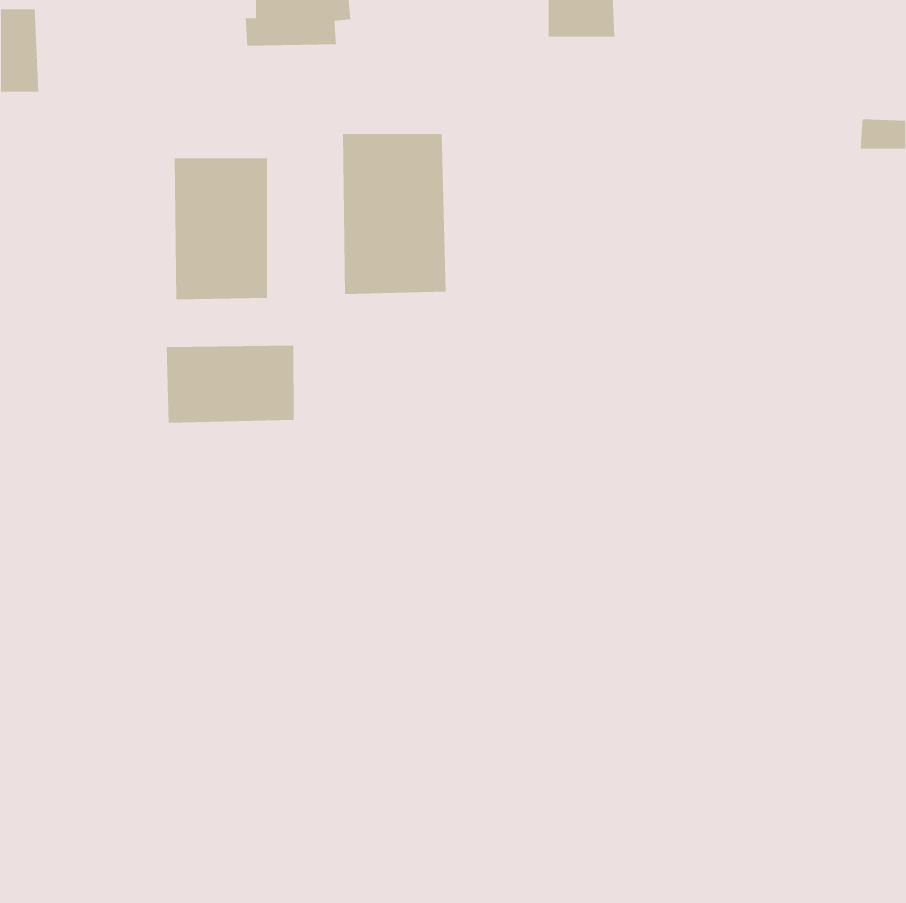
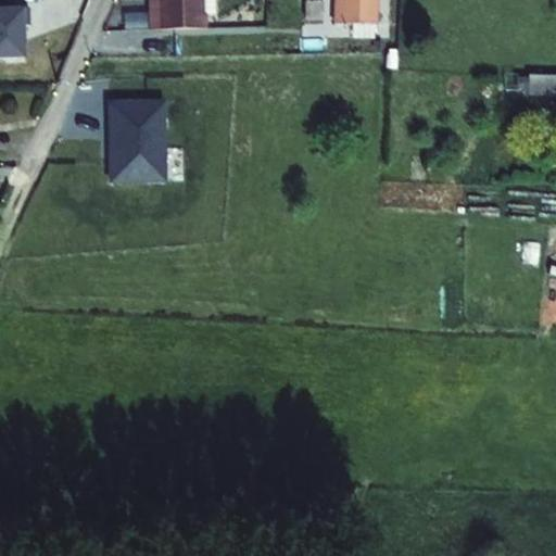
building: [343,133,446,295] -> none
building: [166,345,294,423] -> none

